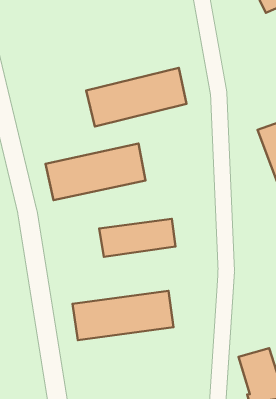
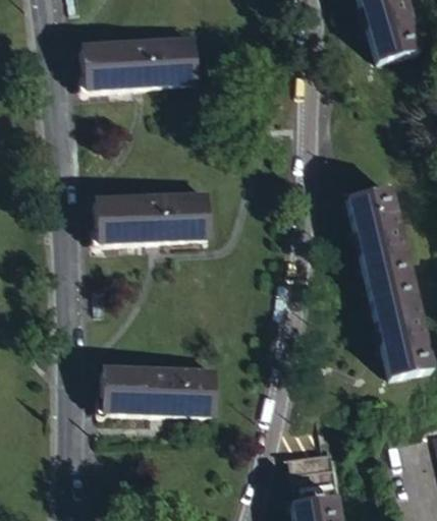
building: [86,68,187,127] -> [81,36,198,91]
building: [99,219,176,257] -> none

